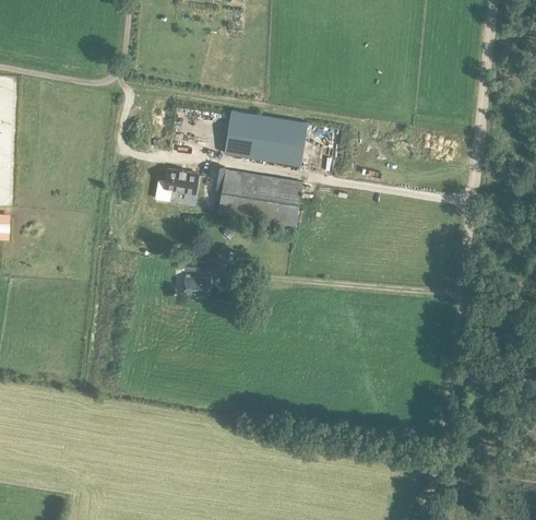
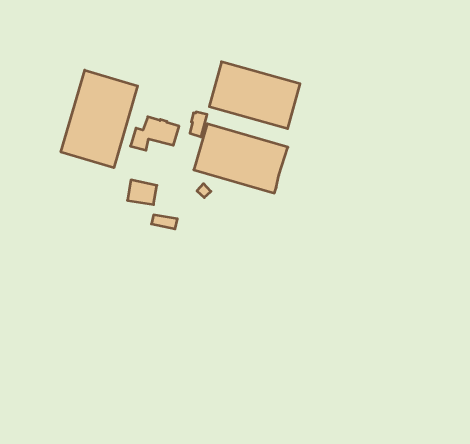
building: none -> [61,70,138,168]
building: [182,276,209,297] -> [127,180,157,205]

